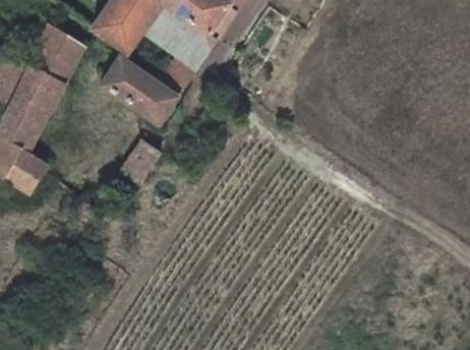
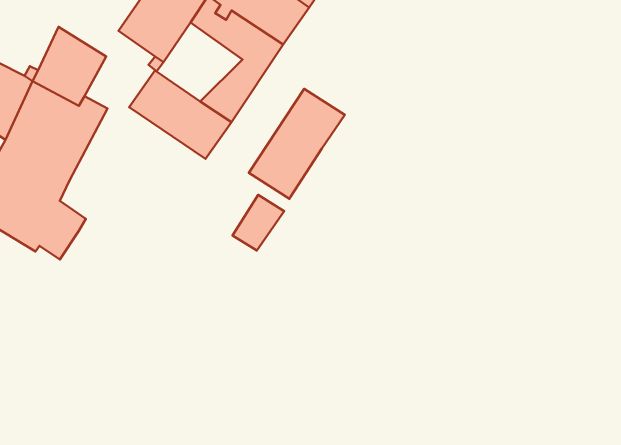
building: none -> [249,89,345,199]
building: [121,139,160,181] -> [232,195,284,251]

